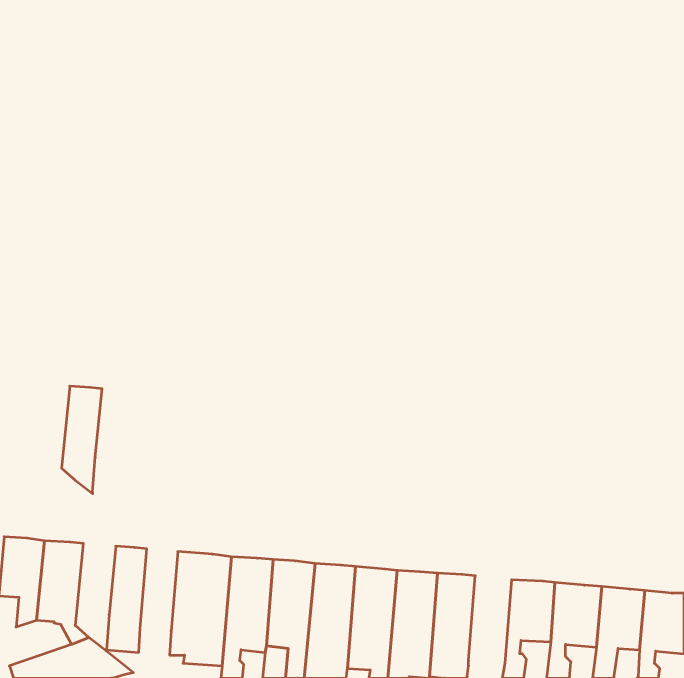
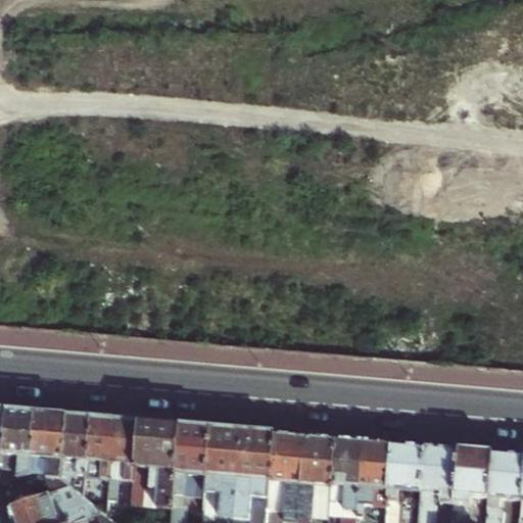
building: [62,386,102,494] -> [57,413,88,494]
building: none -> [105,417,135,496]
building: none -> [355,437,388,504]

